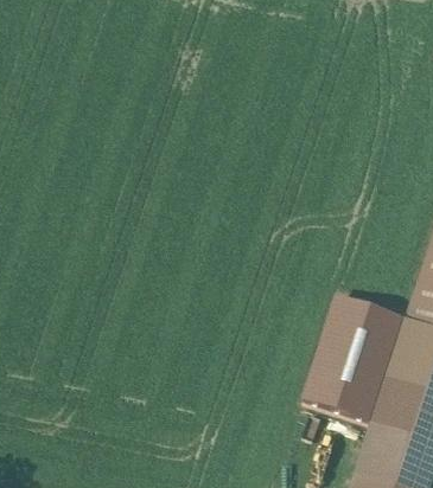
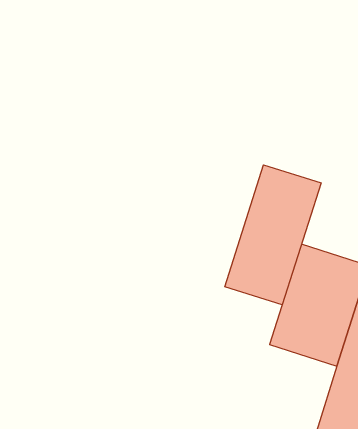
building: none -> [225,165,321,305]

